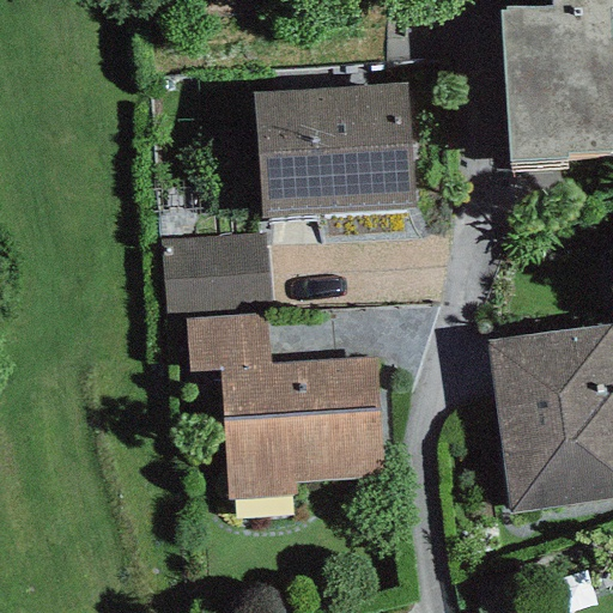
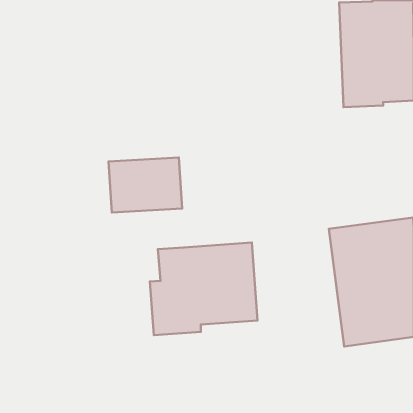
building: [254,83,415,216] -> none
building: [181,314,273,375] -> none

